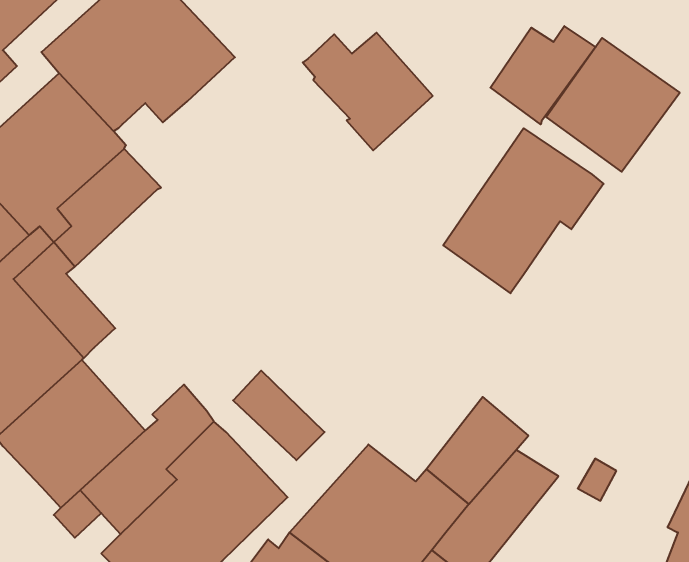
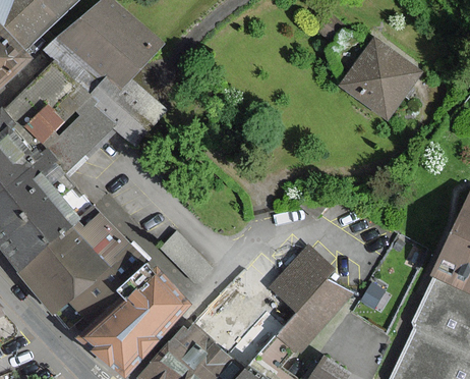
building: [490,26,596,124] -> none
building: [303,33,433,150] -> [91,75,166,144]
building: [443,128,604,293] -> none
building: none -> [72,209,131,266]

